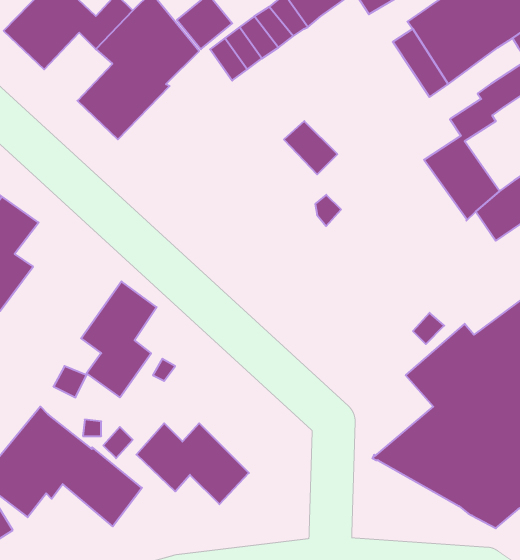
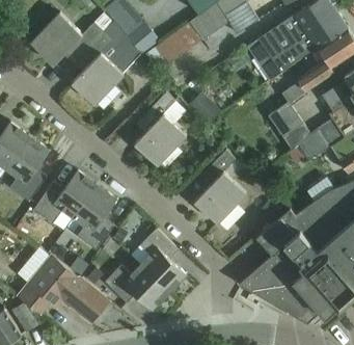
building: none -> [134,92,186,166]
building: none -> [194,151,246,223]
building: none -> [33,171,97,224]
building: none -> [140,229,185,293]

